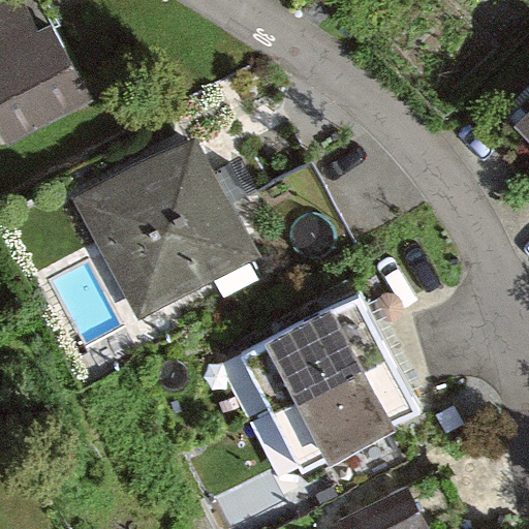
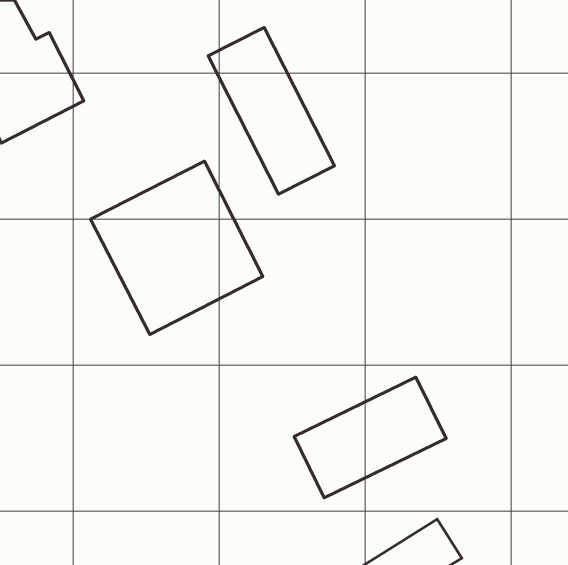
building: none -> [208,28,335,194]
building: [244,298,384,409] -> none

